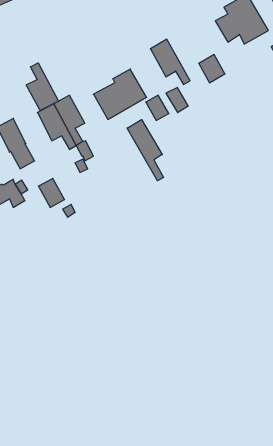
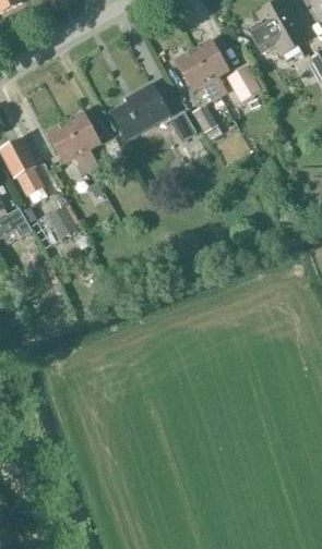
building: none -> [193,39,228,96]
building: [26,63,59,111] -> none
building: [127,120,164,181] -> none

